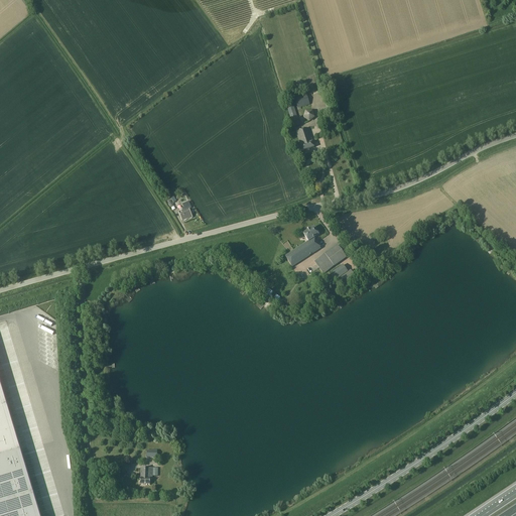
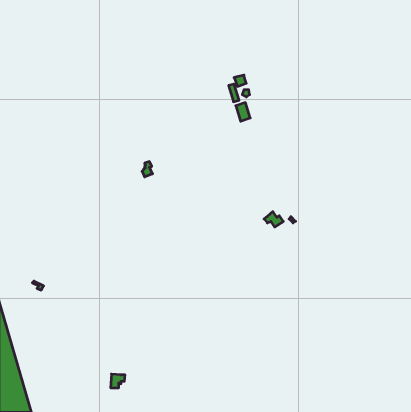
building: [283,227,318,267] -> none
building: [312,245,344,273] -> none

